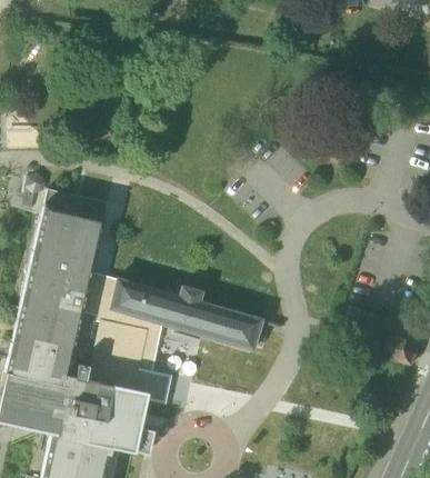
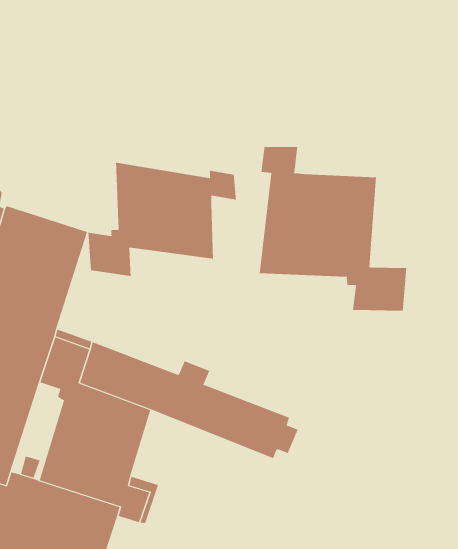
building: none -> [259,146,407,312]
building: none -> [88,162,237,277]

